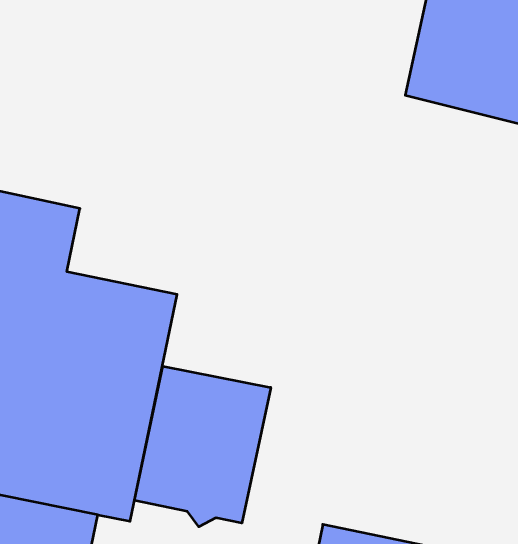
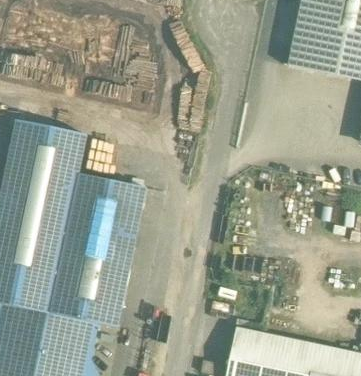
building: [134,366,271,527] -> none

